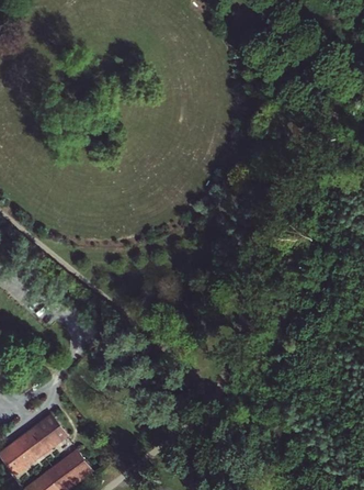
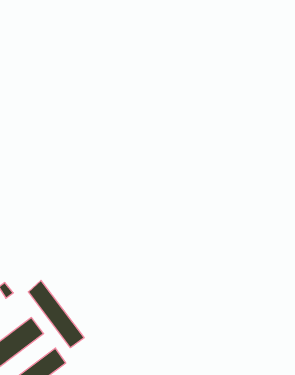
building: none -> [28,280,84,348]

